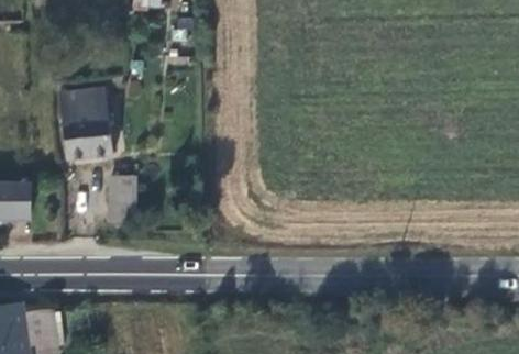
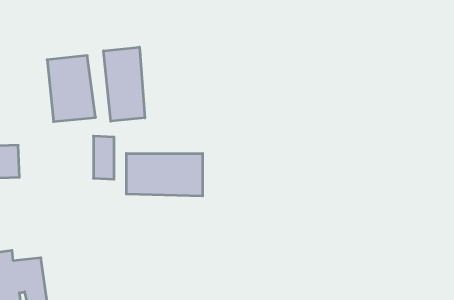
building: none -> [104,47,145,121]
building: none -> [126,153,203,196]

